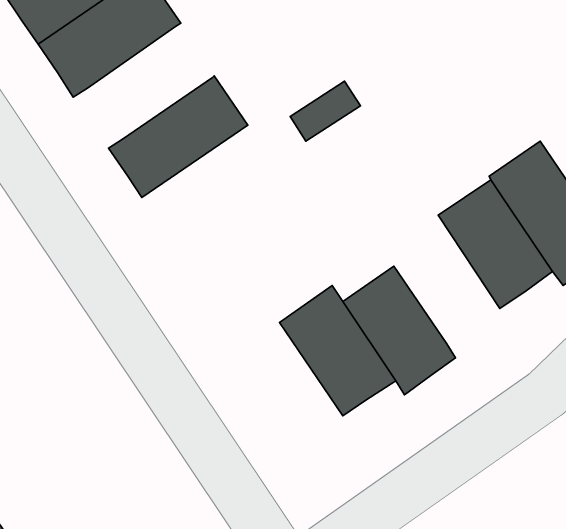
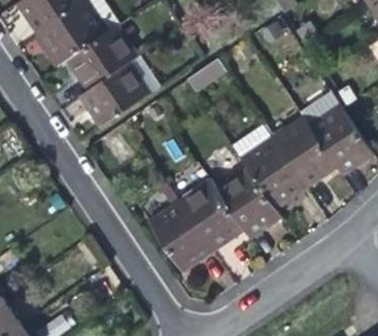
building: none -> [66,26,139,92]
building: none -> [231,124,307,211]
building: none -> [147,199,215,275]

